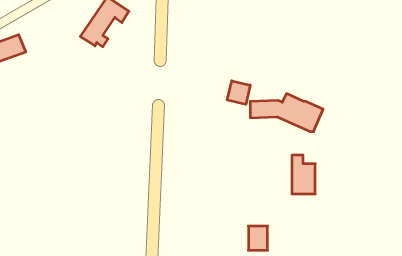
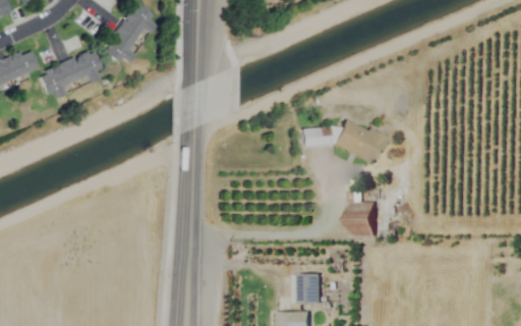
building: none -> [40,50,105,98]
building: [227,81,250,104] -> none

